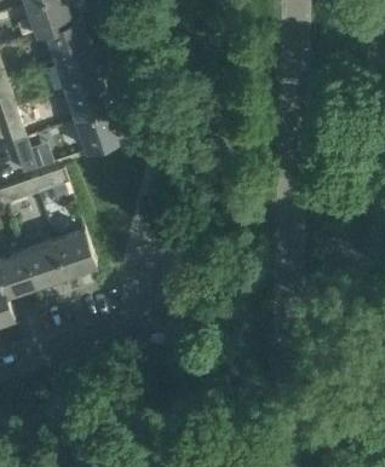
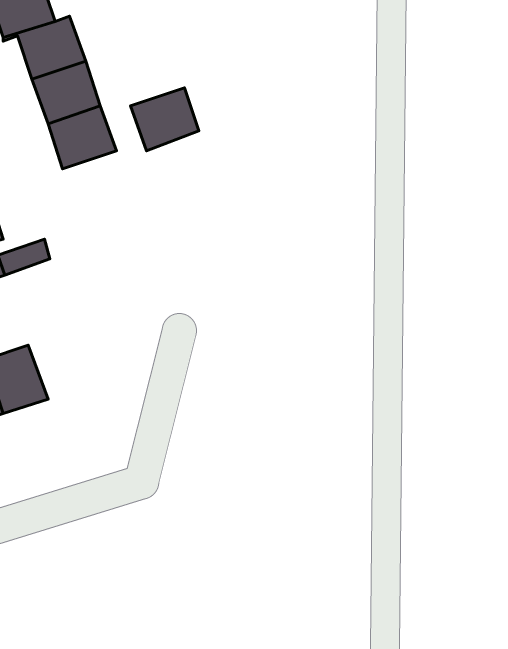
building: [74,111,120,154] -> [130,88,199,151]
building: [51,231,94,278] -> none

